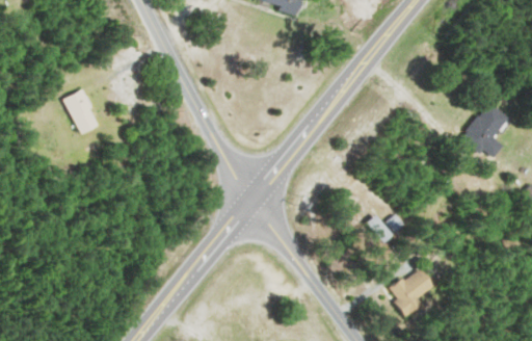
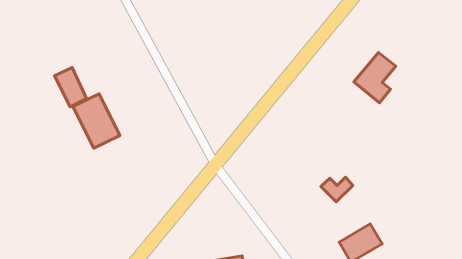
building: [461,102,509,159] -> [354,52,396,103]
building: none -> [73,94,120,148]

